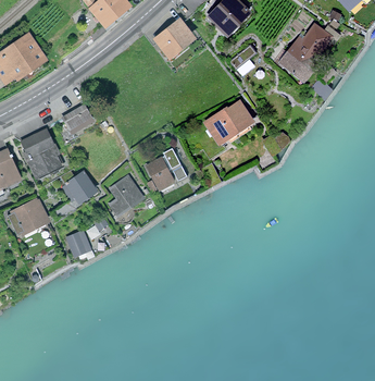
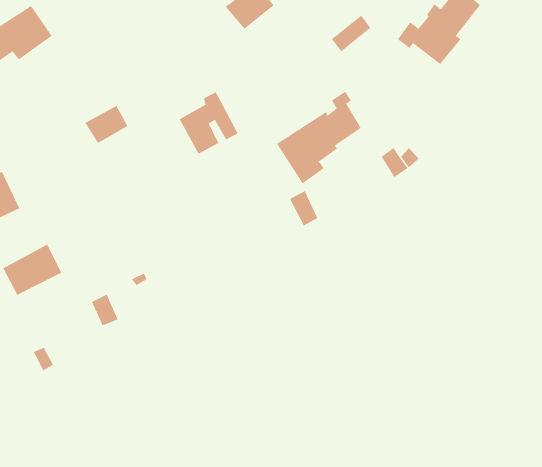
building: [22,130,58,173] -> none
building: [147,148,187,190] -> [179,92,239,155]
building: [62,173,92,201] -> none
building: [113,180,140,212] -> none

